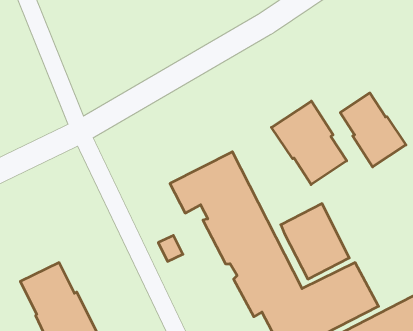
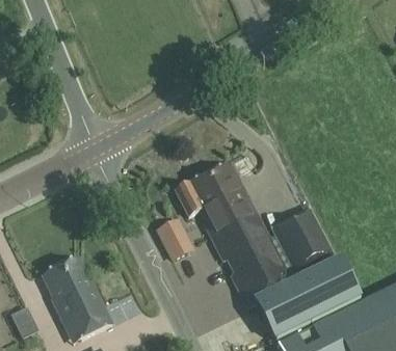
building: [340,93,406,167] -> none
building: [271,101,347,185] -> none

